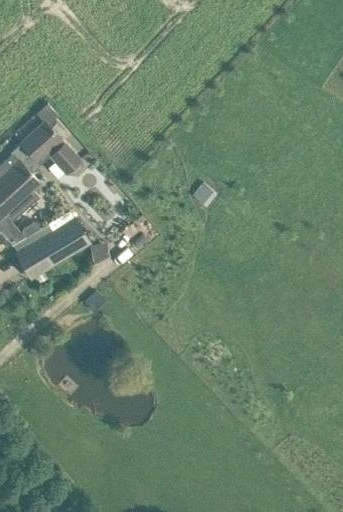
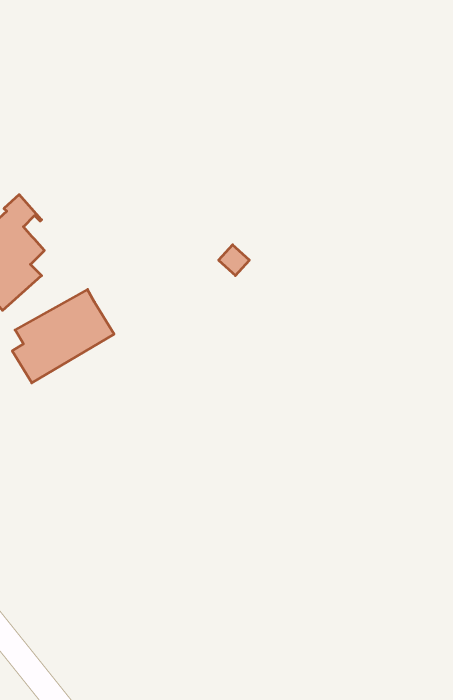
building: [22,124,81,175] -> none

